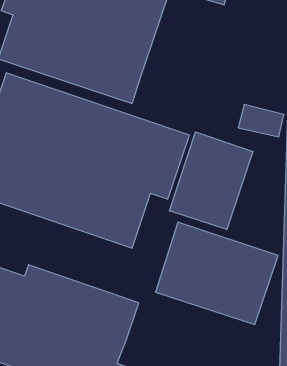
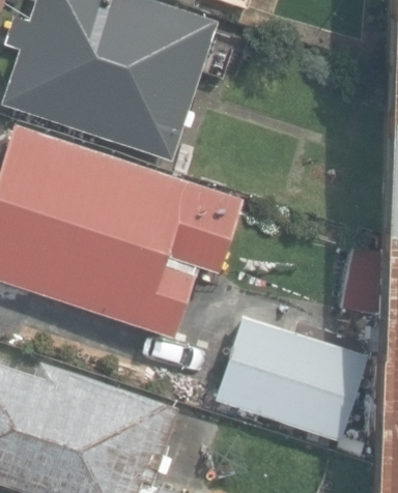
building: [169,132,253,230] -> none

